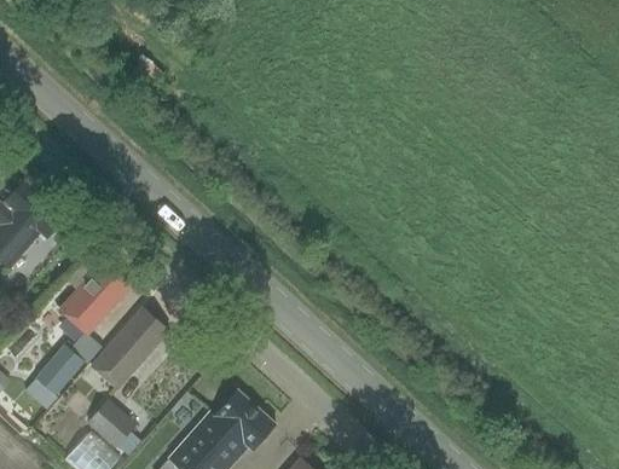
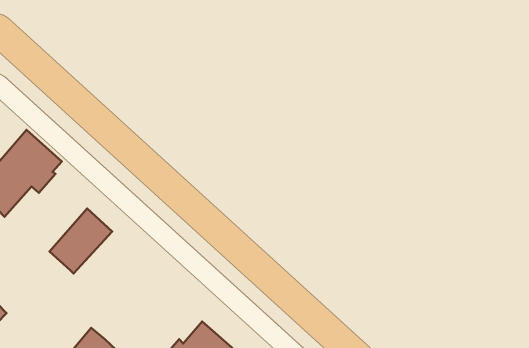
building: [91,309,168,390] -> none
building: [21,332,100,410] -> none

